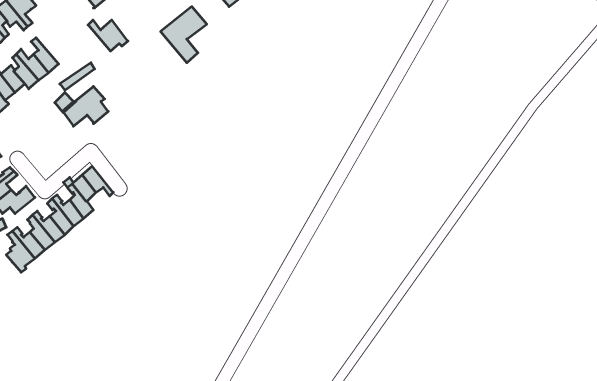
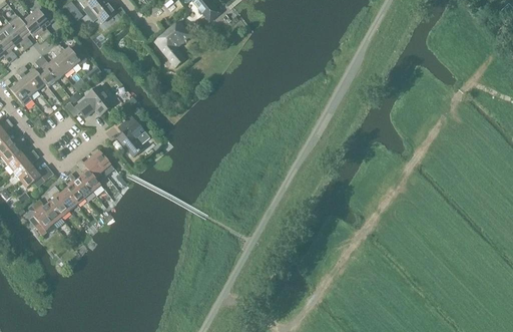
building: [88,20,128,51] -> [54,42,86,67]
building: none -> [117,115,149,156]

